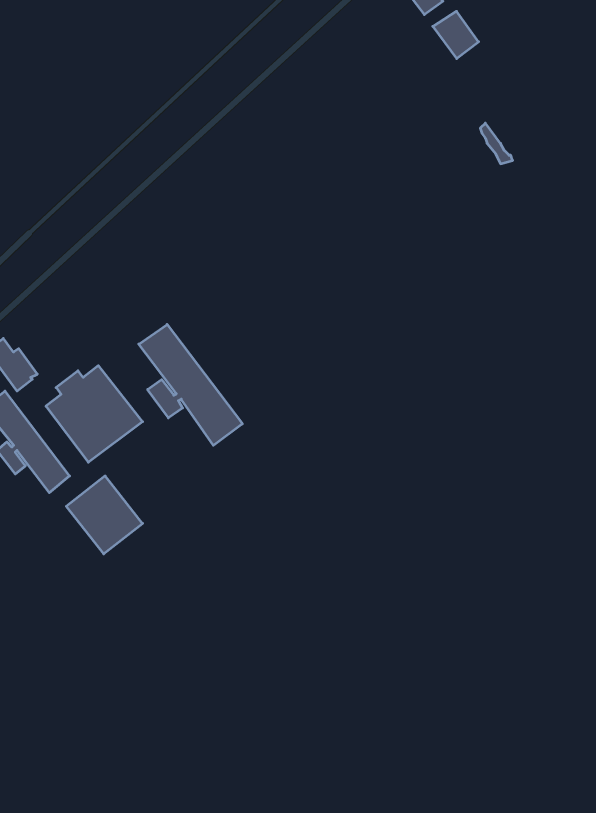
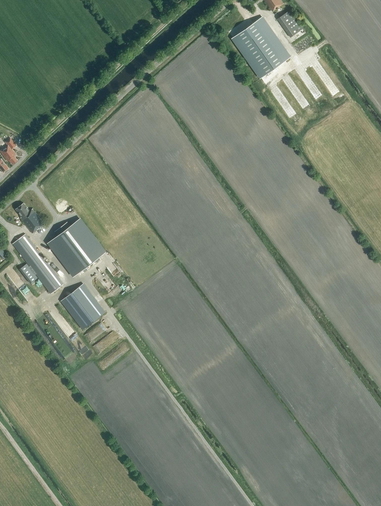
building: none -> [231,17,289,78]
building: [139,324,242,445] -> none

